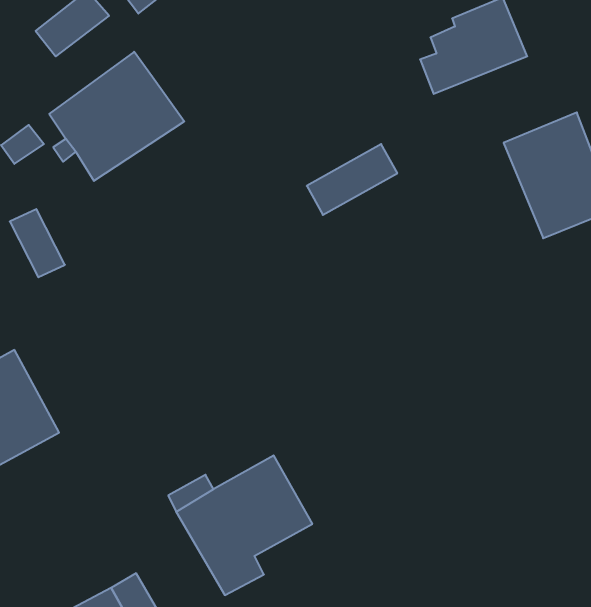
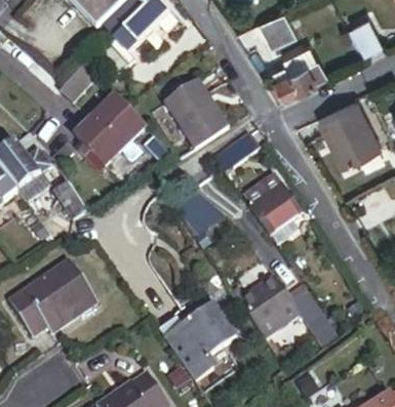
building: none -> [165,81,232,149]
building: none -> [247,175,304,244]
building: none -> [238,276,337,345]

